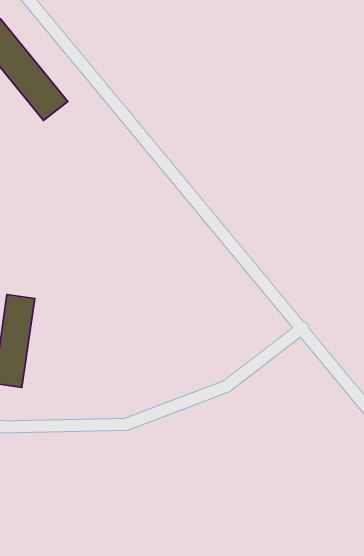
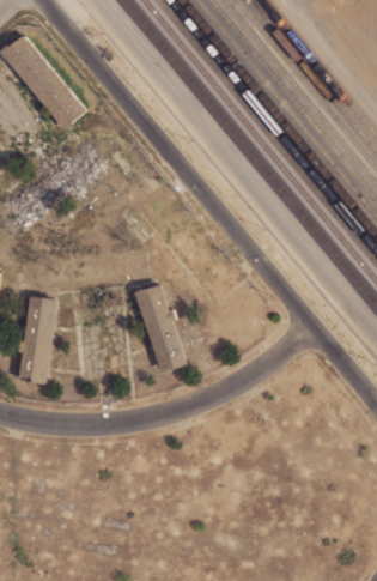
building: none -> [135,283,187,371]

